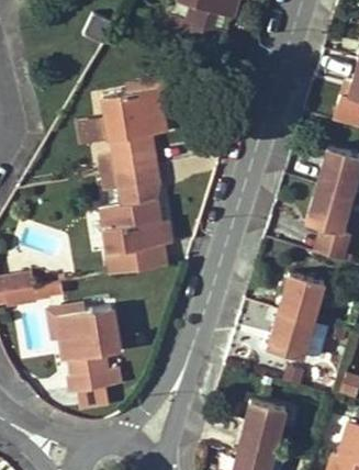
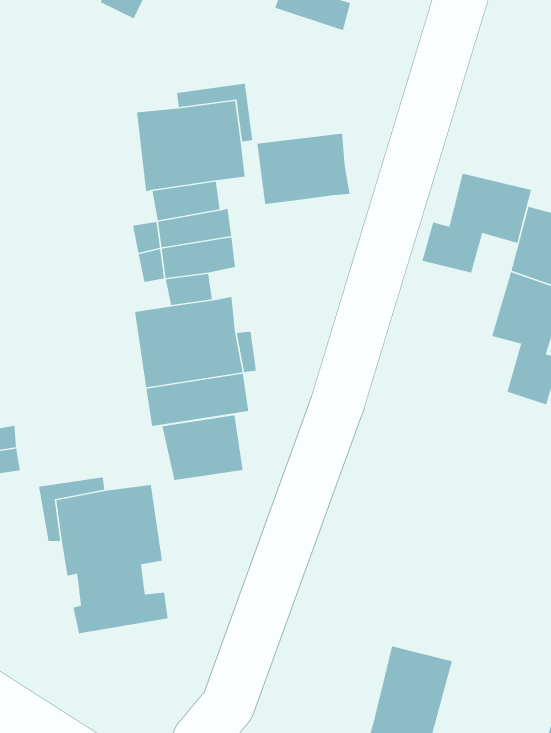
building: none -> [257,133,351,205]
building: none -> [421,173,532,273]
building: none -> [161,414,243,481]
building: [268,273,324,359] -> none

